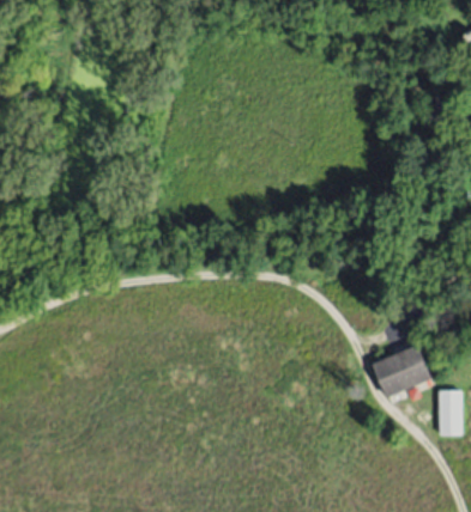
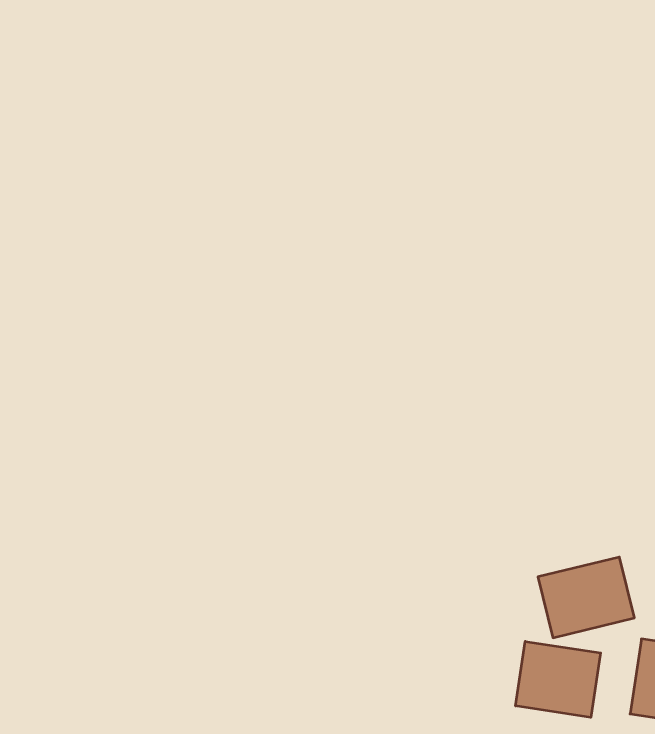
building: none -> [516,641,601,717]

